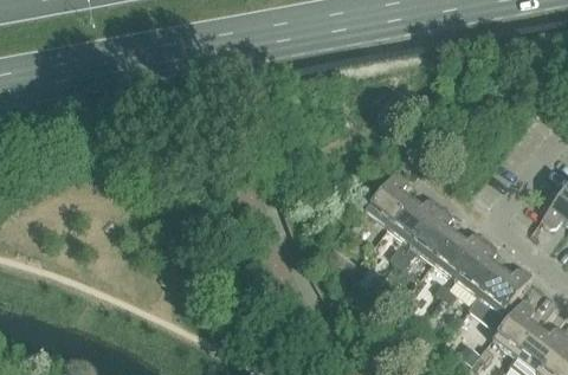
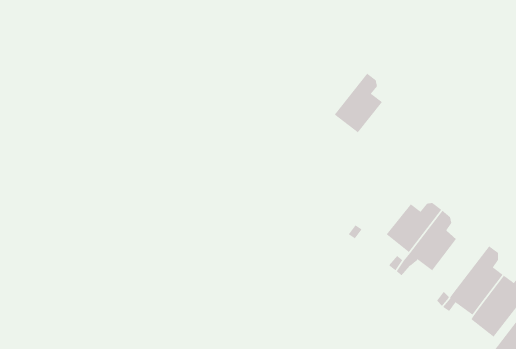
building: [363,169,411,227] -> [334,73,383,133]
building: [432,232,486,279] -> none

